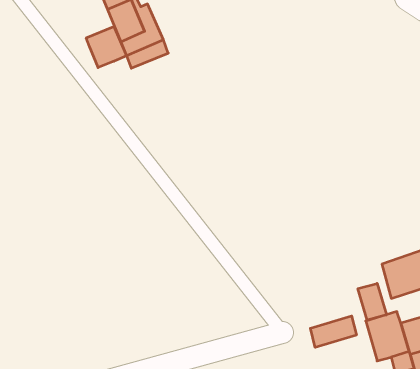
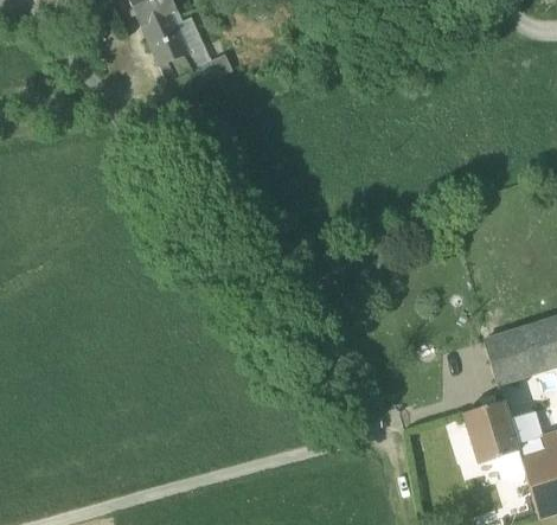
building: [86,27,126,68] -> none
building: [358,283,386,320] -> none
building: [310,316,356,347] -> none

